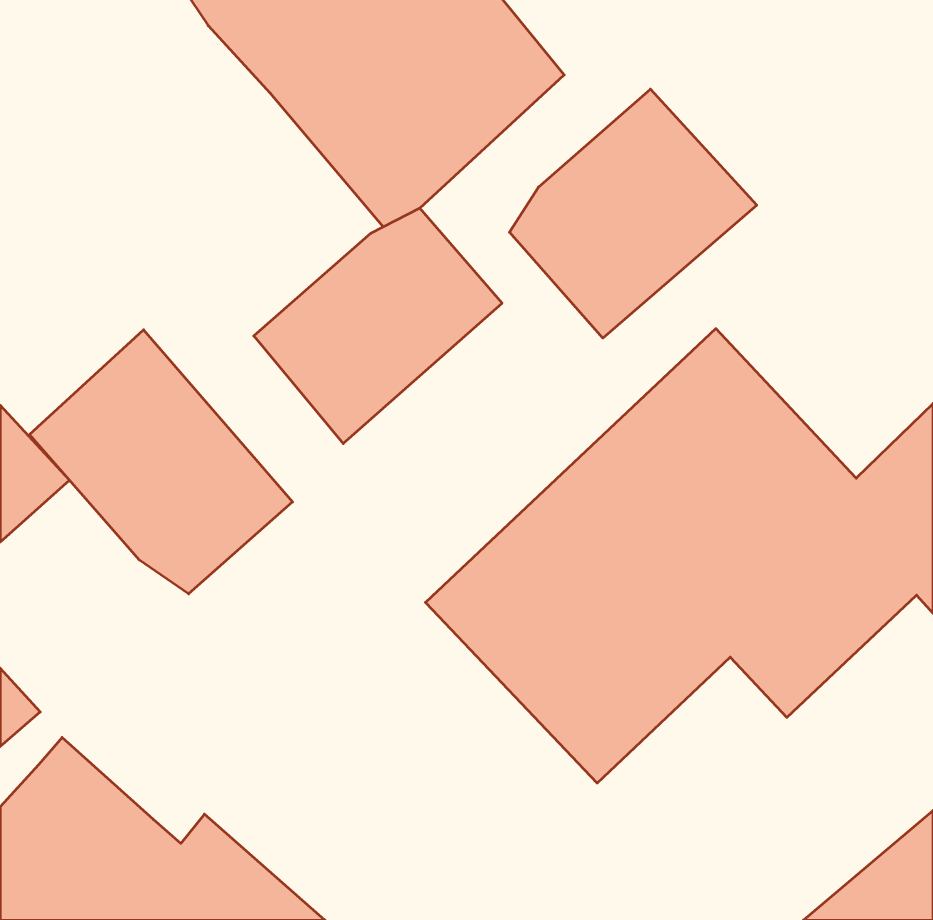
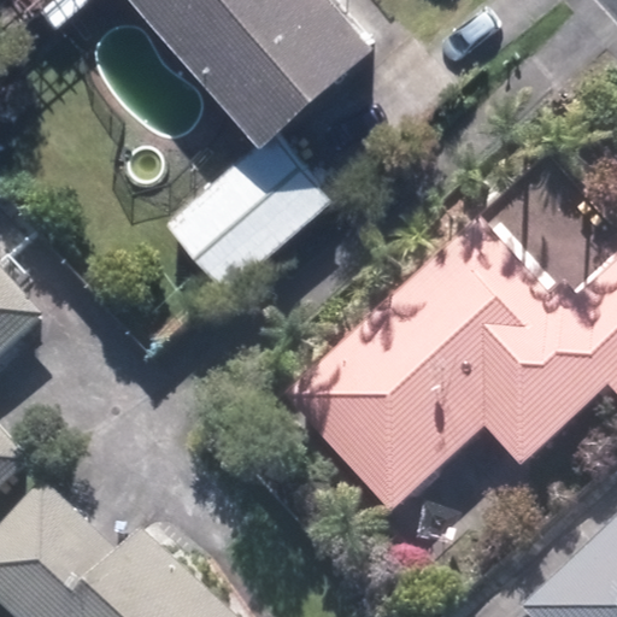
building: [509,89,757,338] -> none
building: [30,330,293,594] -> none

